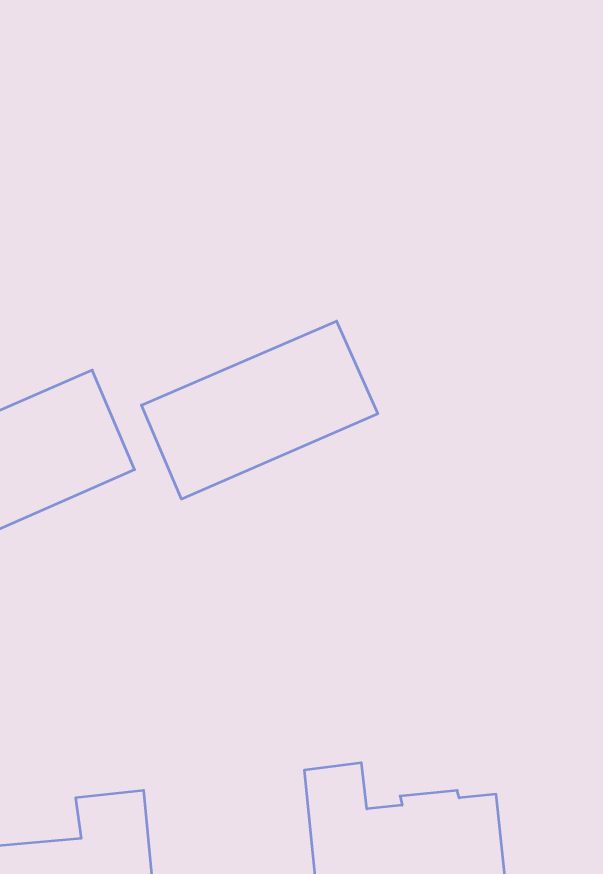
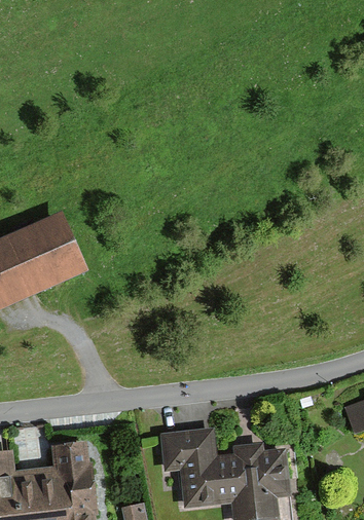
building: [141,321,378,499] -> none

